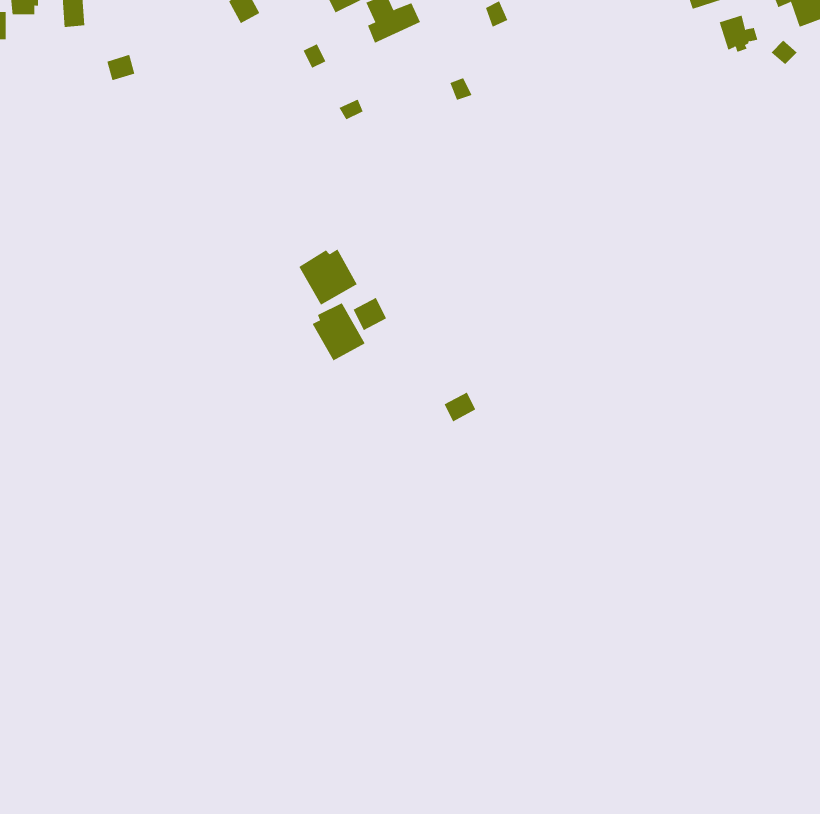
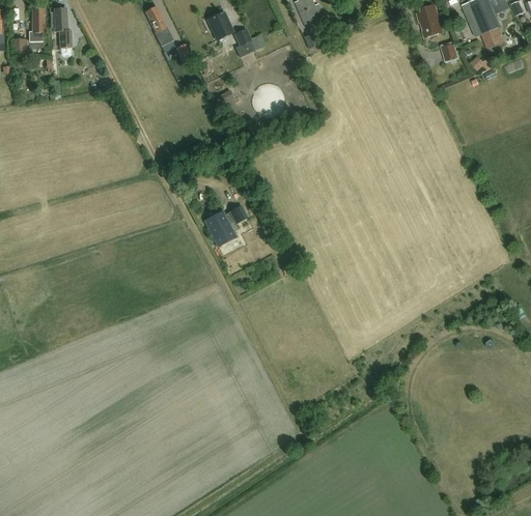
building: [299,248,358,306] -> none

